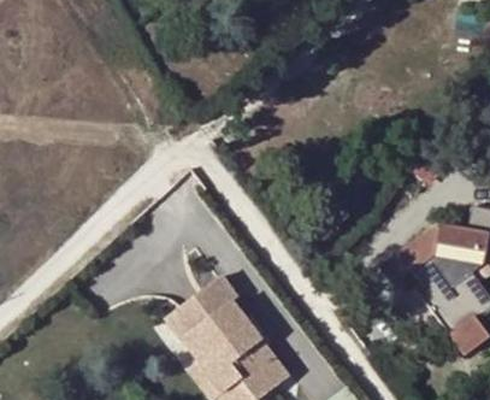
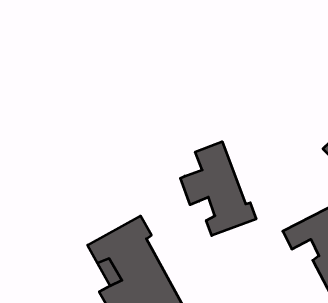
building: none -> [180,142,256,236]

